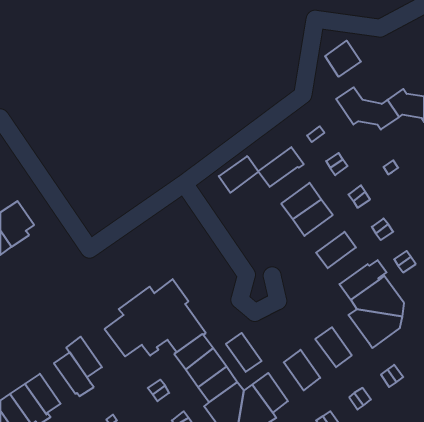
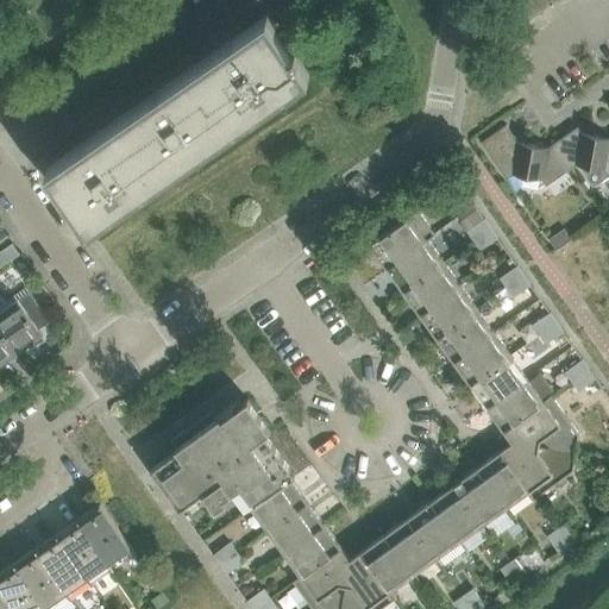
building: none -> [46,19,309,232]
building: [325,41,361,77] -> none
building: [219,156,259,193] -> [387,243,444,295]
building: none -> [437,312,494,365]
building: none -> [470,358,527,410]
building: none -> [476,454,529,513]
building: [226,333,262,372] -> [384,522,435,578]
building: [66,337,102,377] -> [57,523,108,582]
building: none -> [431,489,482,545]

